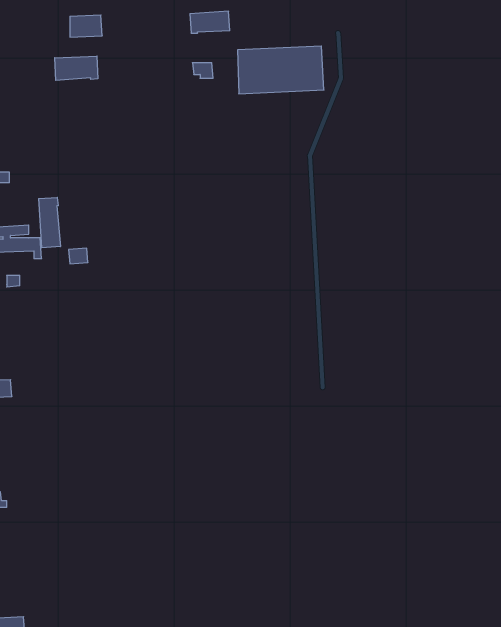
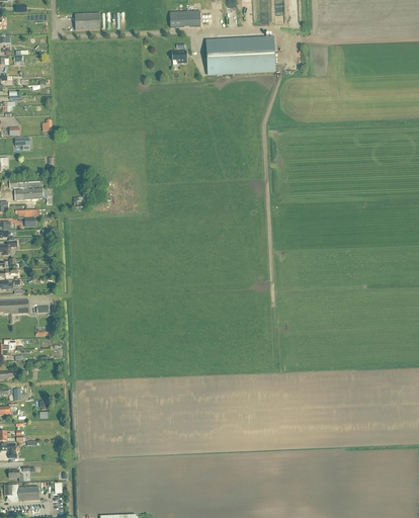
building: [55,56,98,80] -> none
building: [39,197,60,248] -> none

